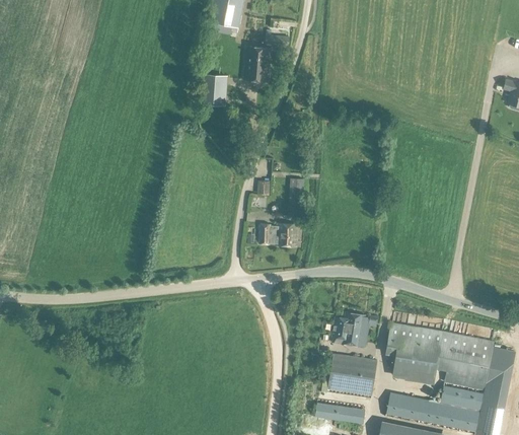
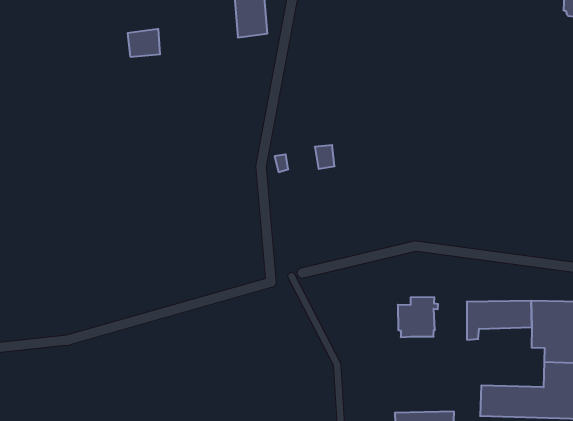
building: [202,84,228,105] -> [128,29,160,57]
building: [260,224,298,246] -> none
building: [392,347,440,385] -> none
building: [328,354,378,395] -> none

